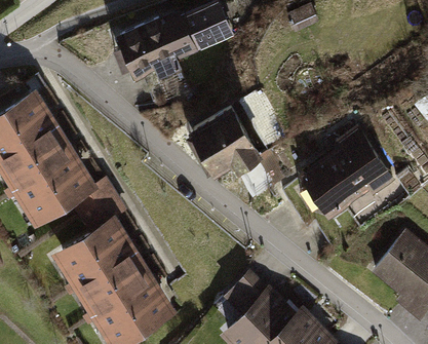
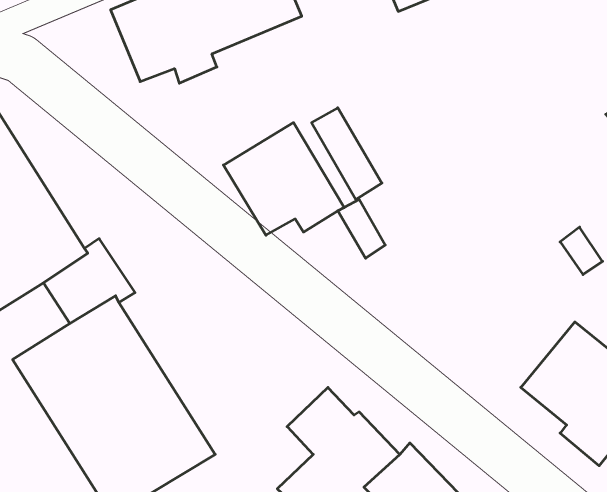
building: [297,132,395,221] -> none

